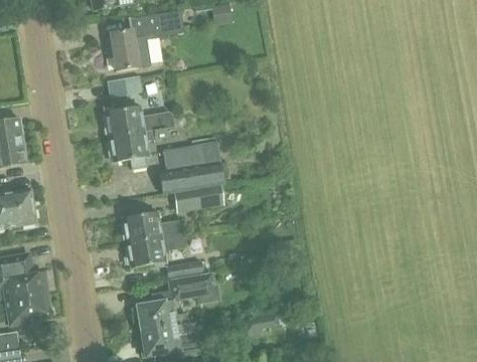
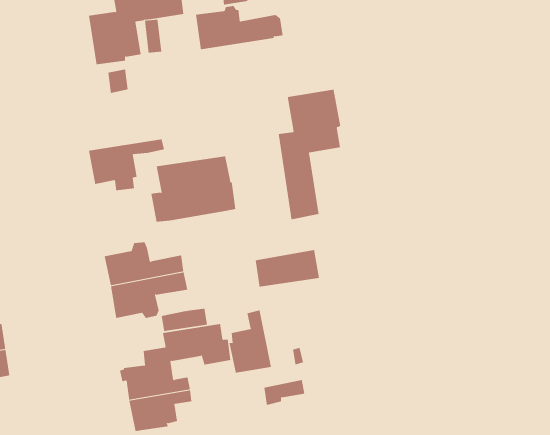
building: none -> [278,89,341,220]
building: [105,104,173,138] -> [195,5,284,50]
building: [172,184,222,213] -> [255,250,320,287]
building: none -> [229,310,272,373]

